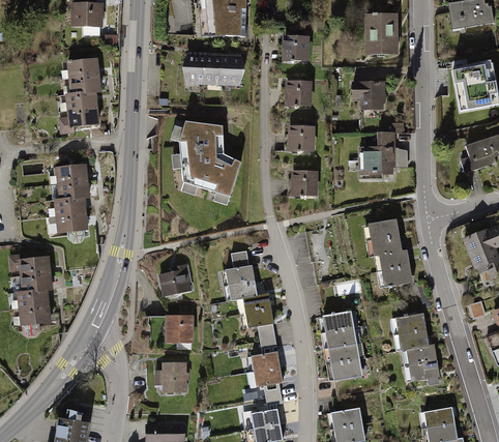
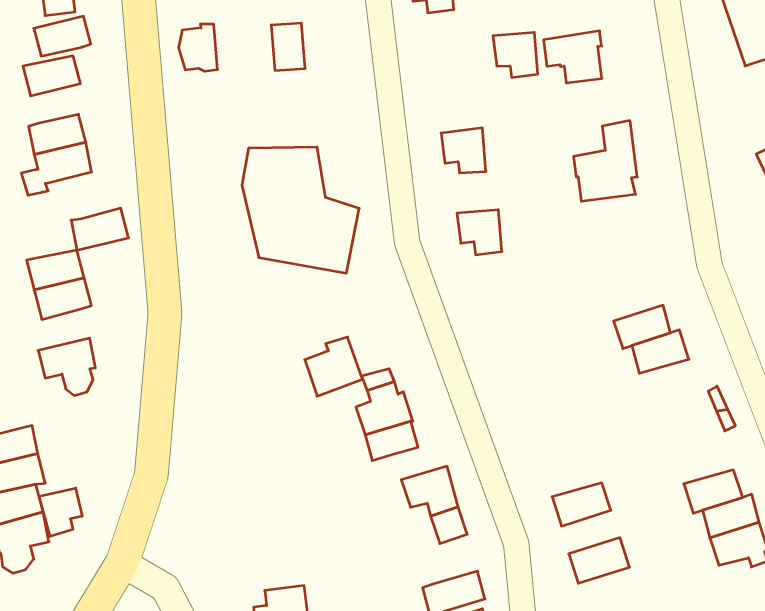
building: [184,55,205,81] -> [179,24,218,71]
building: [221,57,242,82] -> none
building: [69,75,99,93] -> [34,16,91,56]
building: [287,81,310,105] -> [493,32,538,77]
building: [55,197,85,216] -> [71,208,129,250]
building: [368,218,399,240] -> none
building: [159,265,189,295] -> [305,337,362,396]
building: [381,266,412,287] -> none
building: [242,293,270,312] -> none
building: none -> [39,488,82,536]
building: [166,305,192,342] -> none
building: [322,311,353,331] -> none
building: [395,313,425,333] -> none
building: [328,343,358,363] -> none
building: [251,351,280,371] -> none

